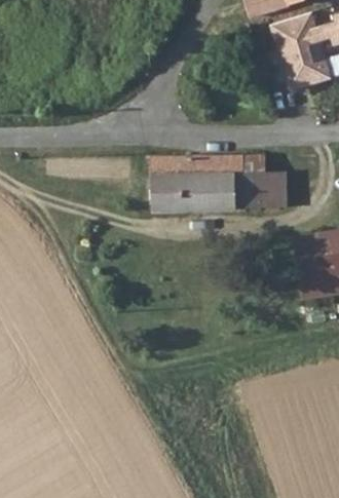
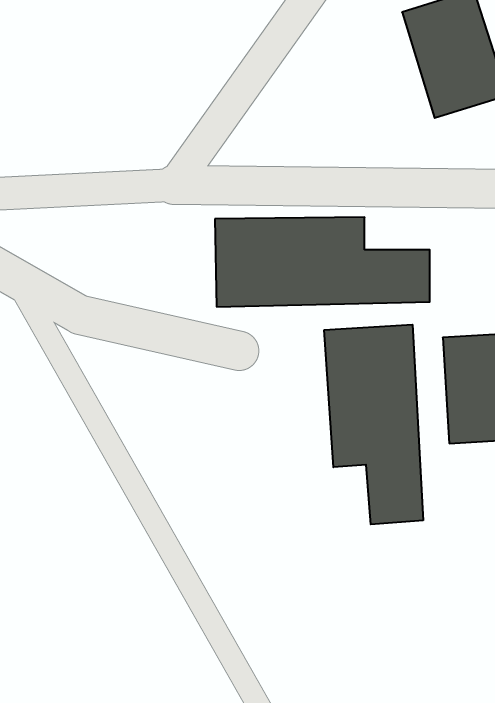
building: none -> [324,325,423,524]

